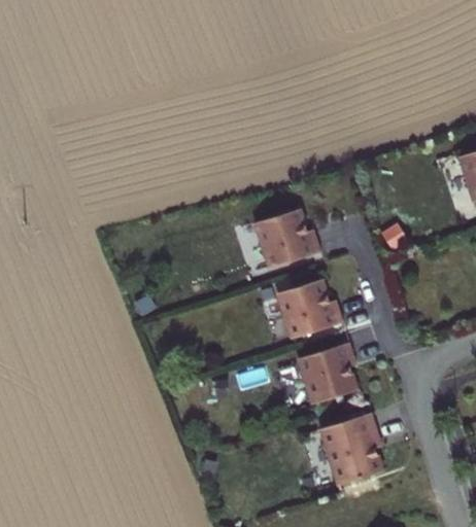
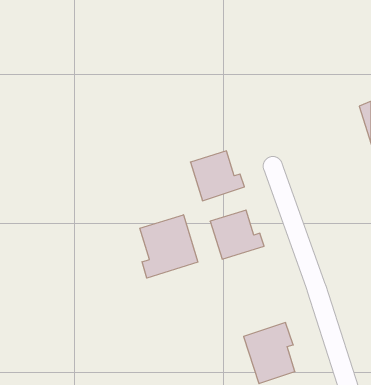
building: none -> [140,215,198,278]
building: [295,343,352,405] -> none

